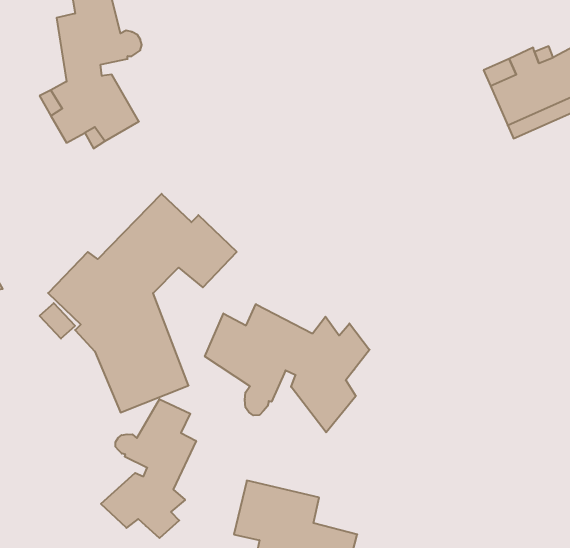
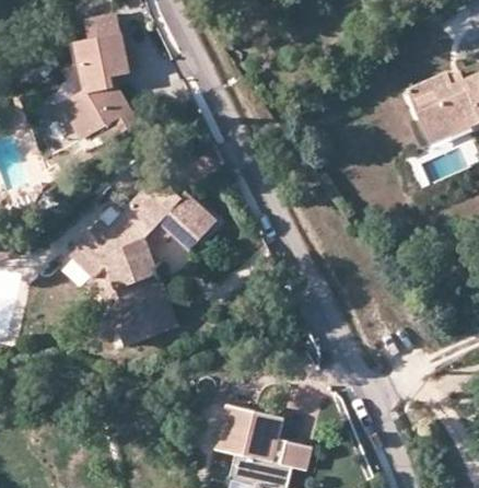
building: [205,304,370,432] -> none
building: [101,399,196,538] -> none

